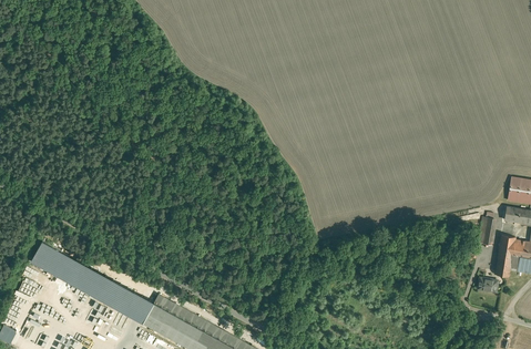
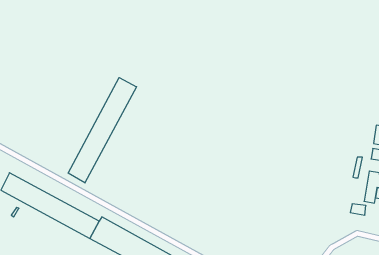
building: none -> [68,78,137,183]

